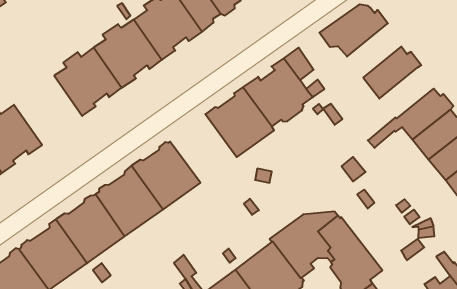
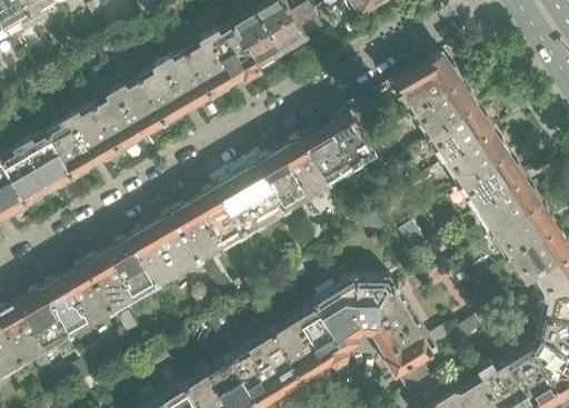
building: none -> [415,81,479,136]
building: none -> [446,130,510,183]
building: none -> [47,103,120,178]
building: none -> [213,160,284,235]

